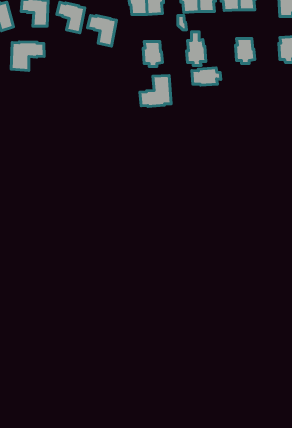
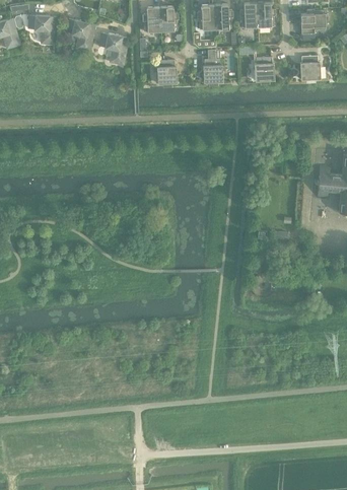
building: [11,42,44,70] -> none
building: [192,68,221,85] -> none
building: [140,76,171,107] -> none

